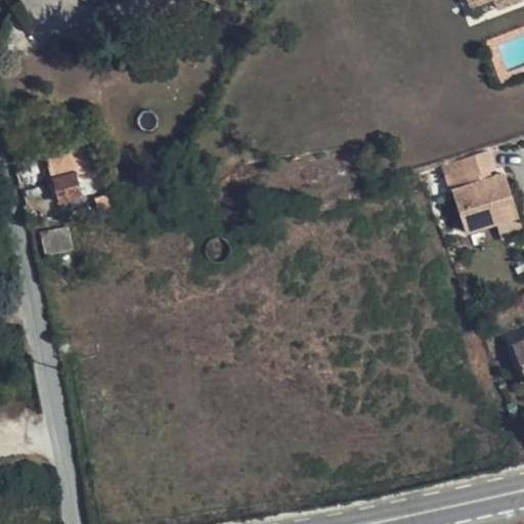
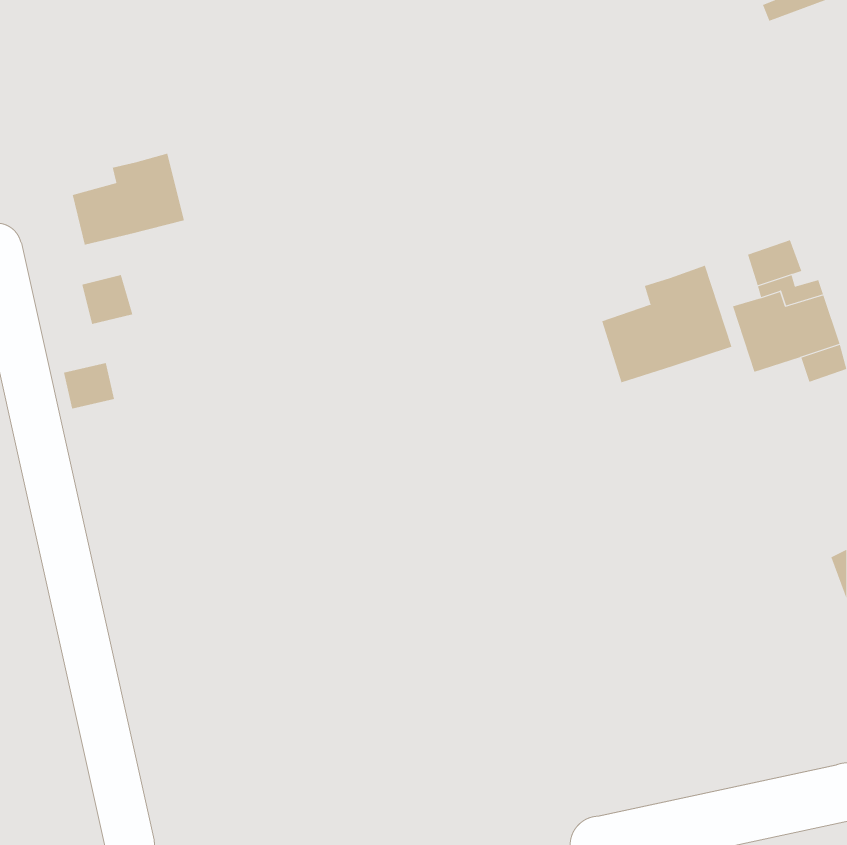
building: none -> [72,153,184,246]
building: none -> [602,265,732,383]

